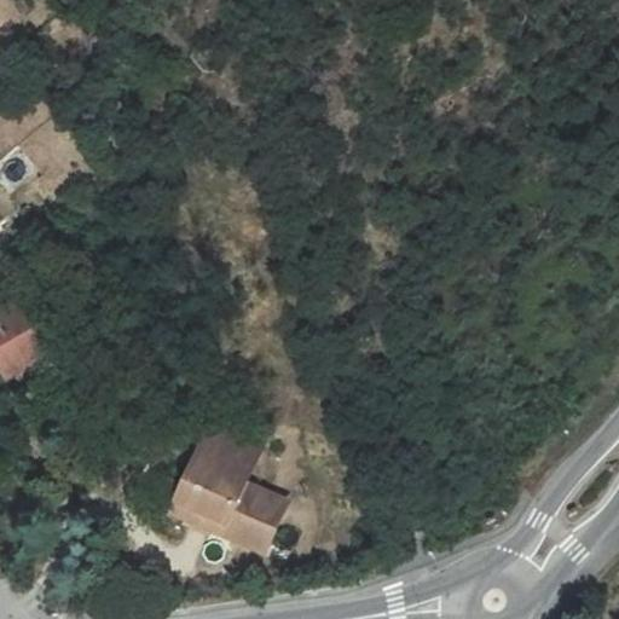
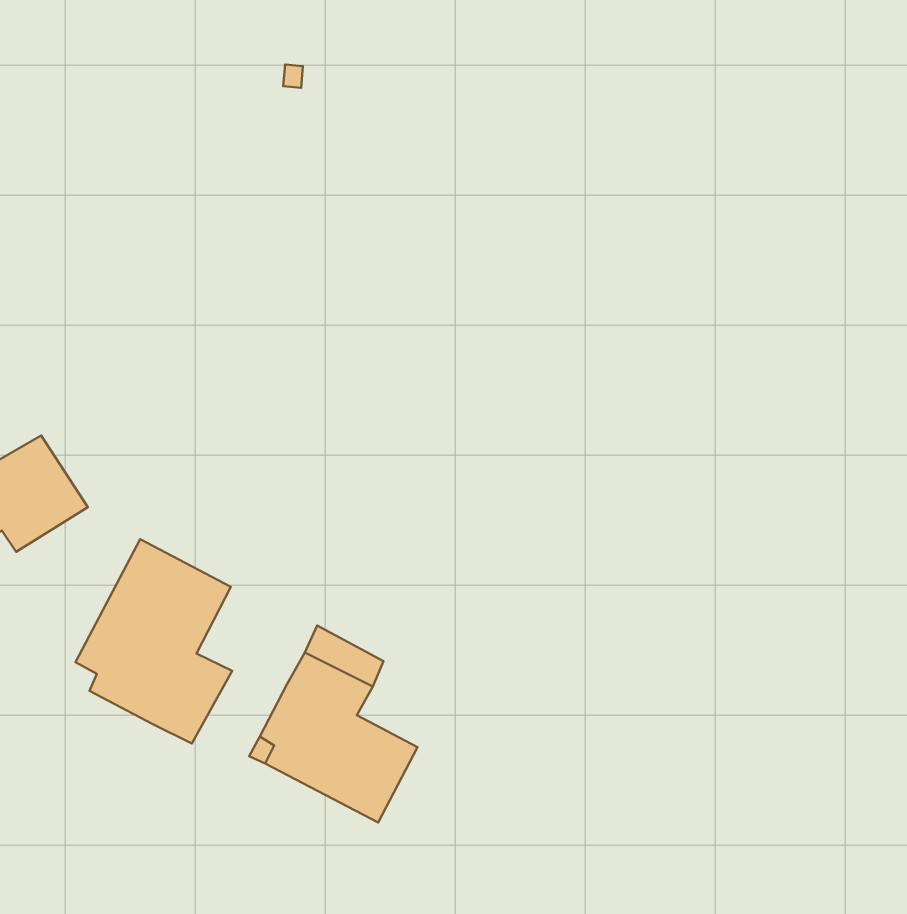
building: none -> [76,539,232,744]

